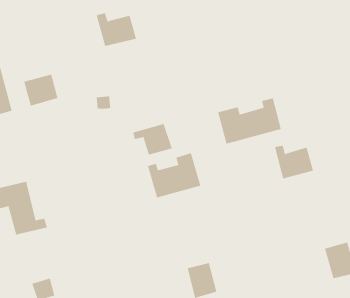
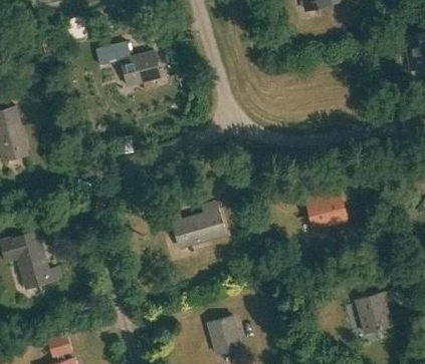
building: [23,74,58,106] -> none
building: [218,98,281,145] -> none
building: [132,123,172,155] -> none

